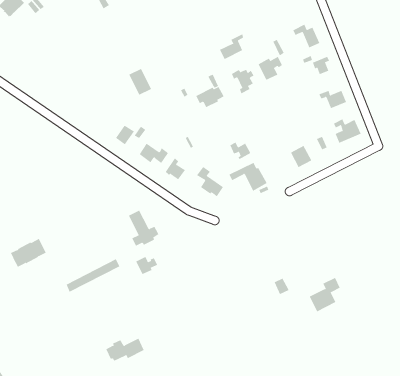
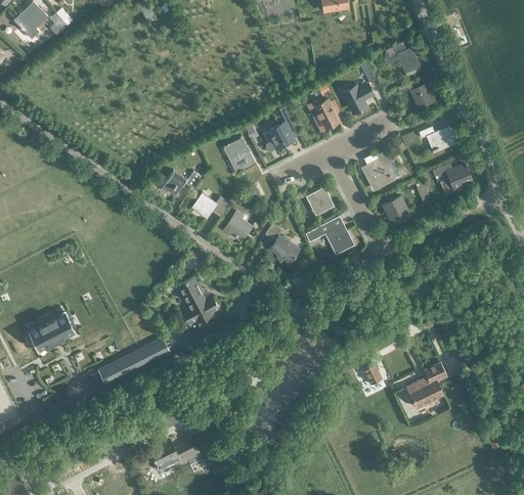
building: [219,33,244,60] -> none
building: [128,68,152,96] -> [224,139,254,174]
building: none -> [363,147,394,189]
building: [136,256,158,275] -> none

